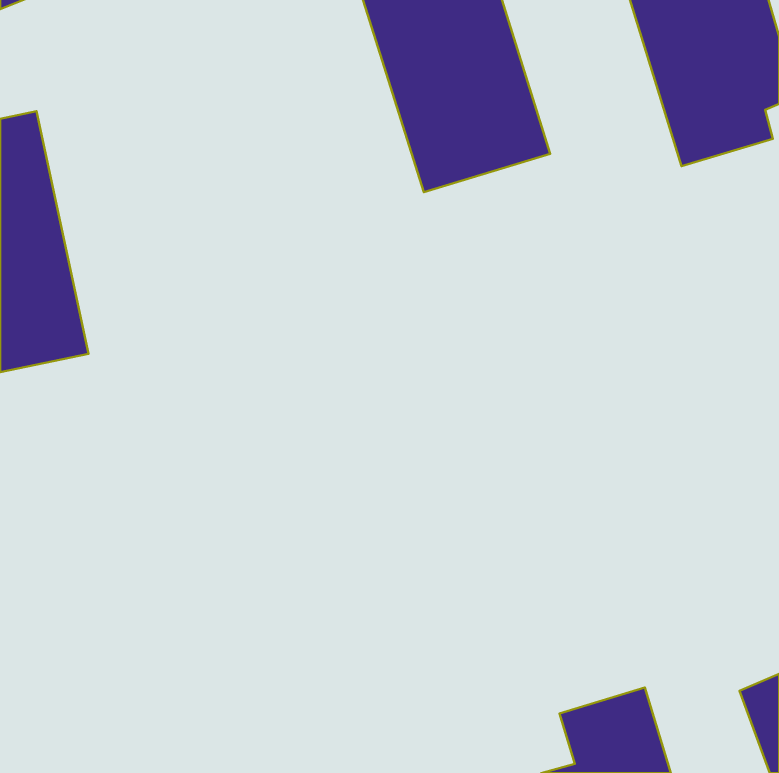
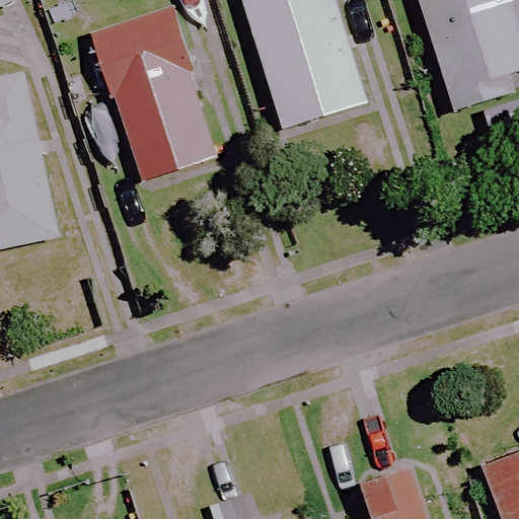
building: none -> [96,38,222,180]

